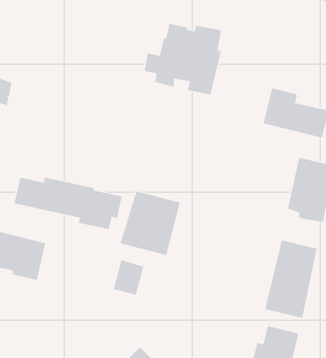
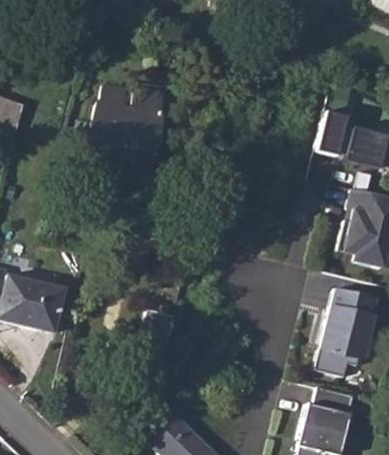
building: [144,23,222,95] -> [75,84,165,167]
building: [14,177,122,230] -> none
building: [120,191,181,256] -> none

